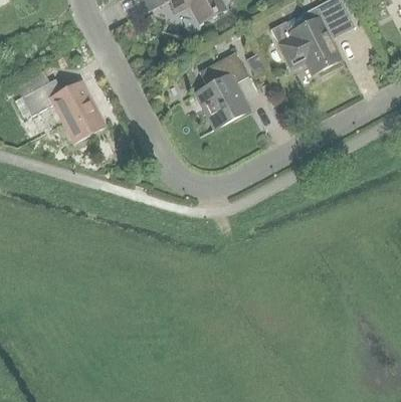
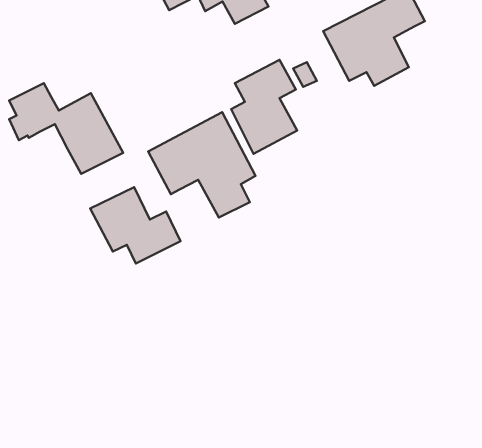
building: none -> [148,112,256,218]
building: none -> [90,187,181,263]

